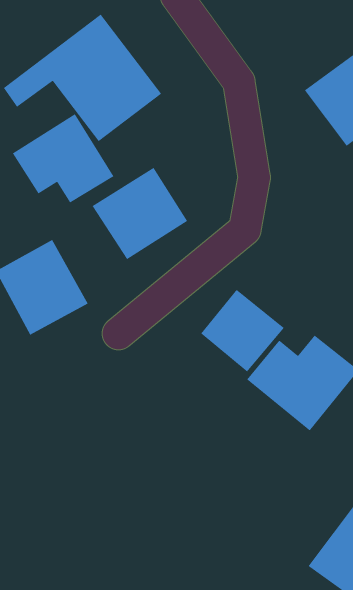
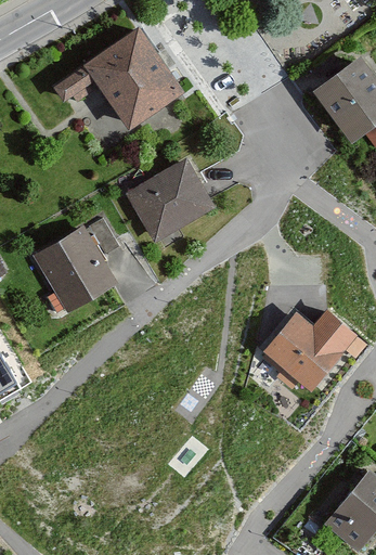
building: [12,113,115,204] -> none
building: [200,289,285,372] -> none

